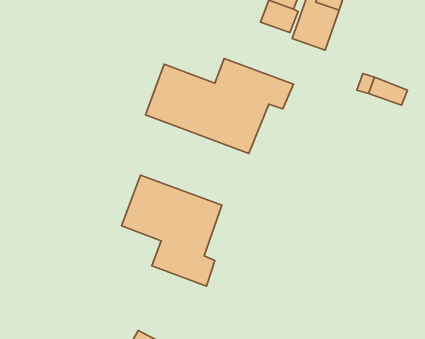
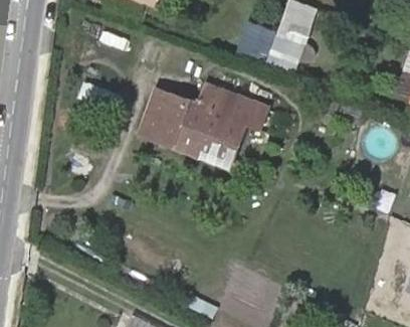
building: [121,175,222,286] -> none

